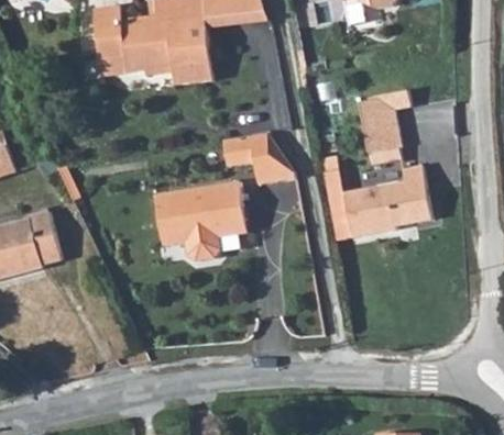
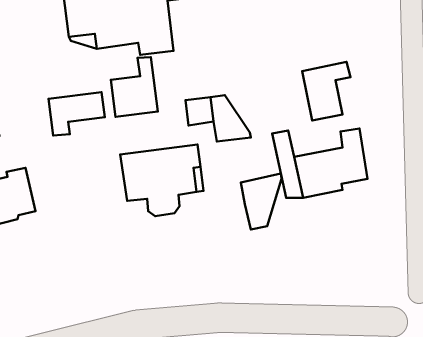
building: none -> [111,57,158,117]
building: none -> [49,92,105,135]
building: none -> [241,173,282,230]

